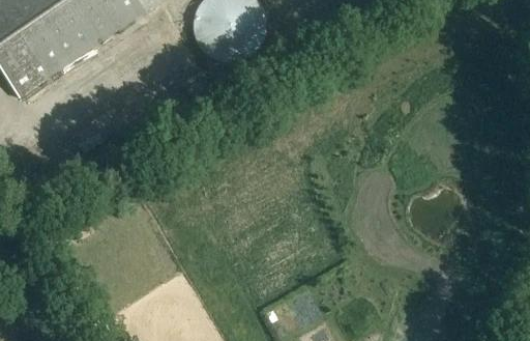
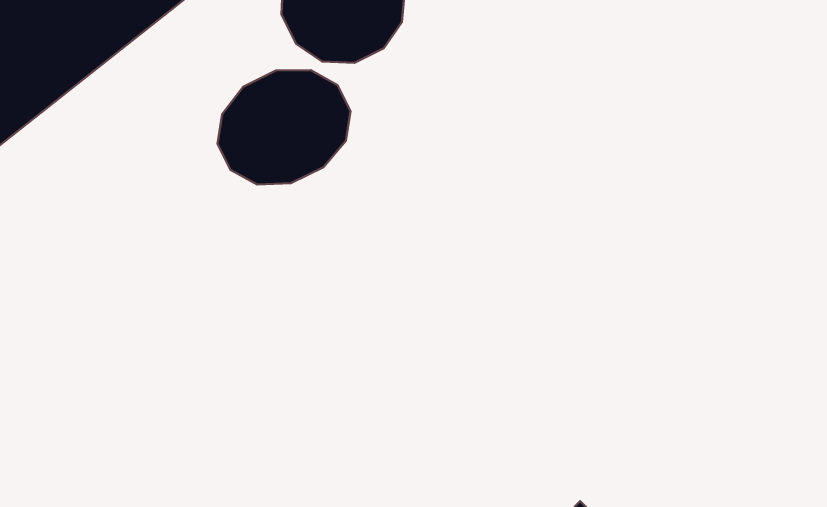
building: none -> [218,70,350,185]

